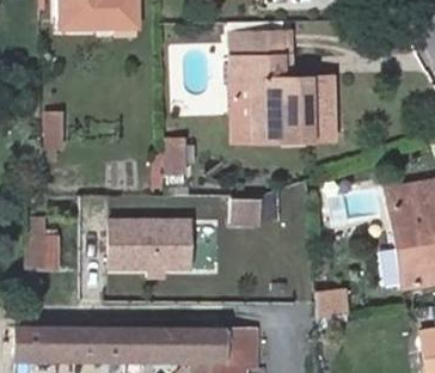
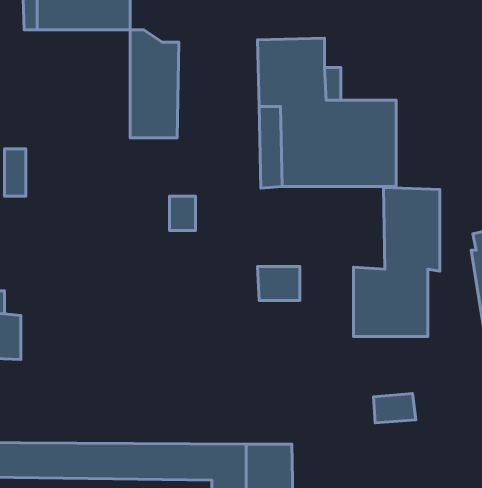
building: none -> [130,30,179,138]
building: none -> [353,187,440,337]
building: [108,216,196,275] -> none

